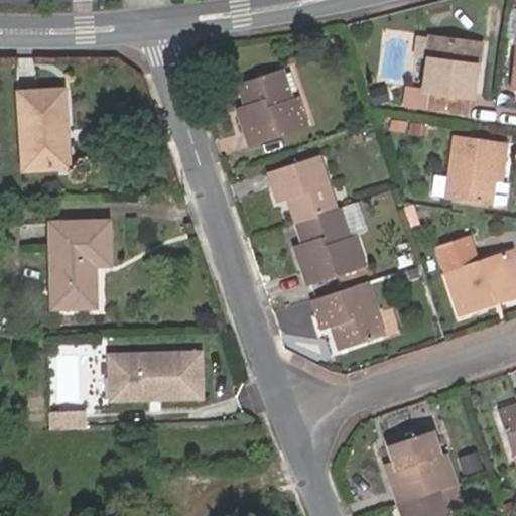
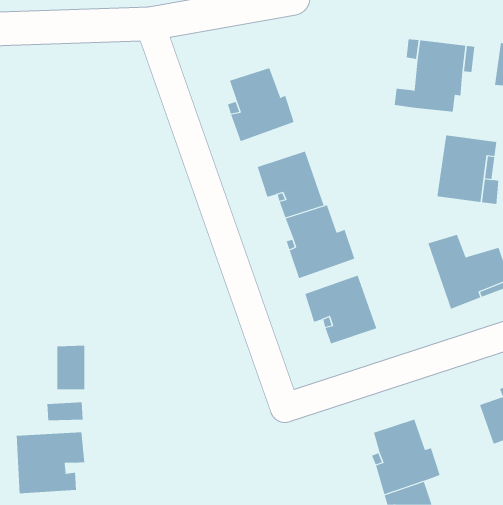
building: [21,87,72,167] -> none
building: [52,218,113,304] -> none
building: [111,353,208,403] -> none
building: none -> [16,432,85,494]

